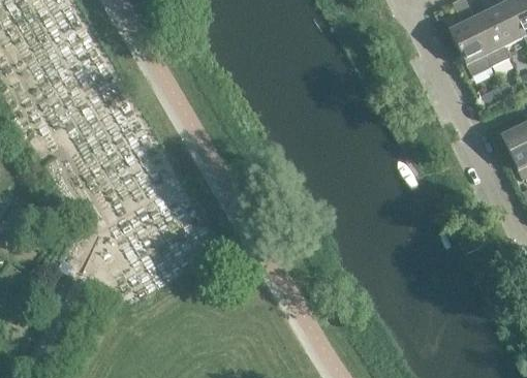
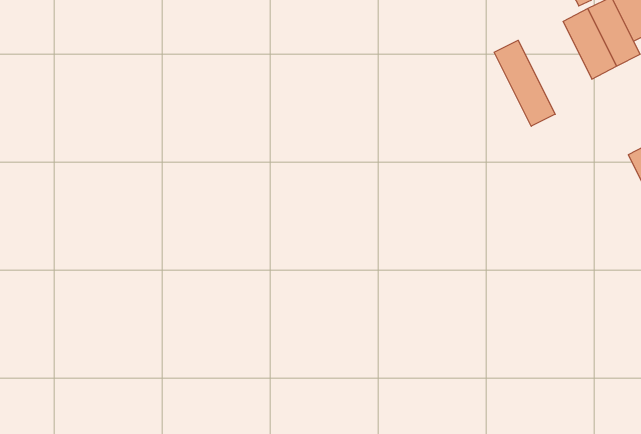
building: none -> [494,40,555,126]

